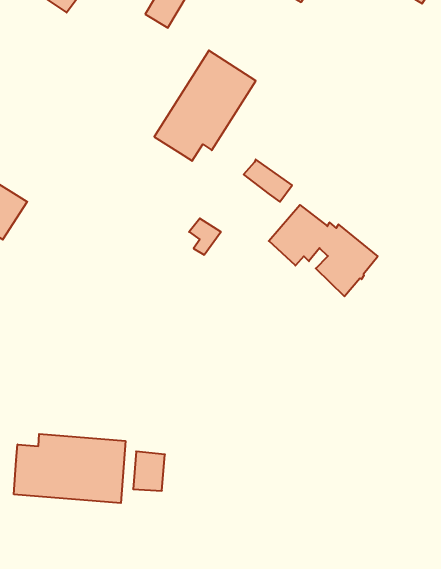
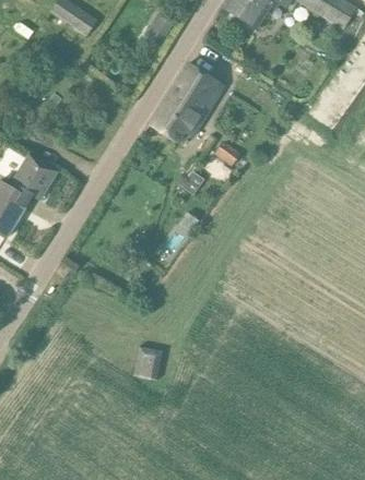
building: [269,205,378,296] -> none
building: [14,434,125,503] -> none

